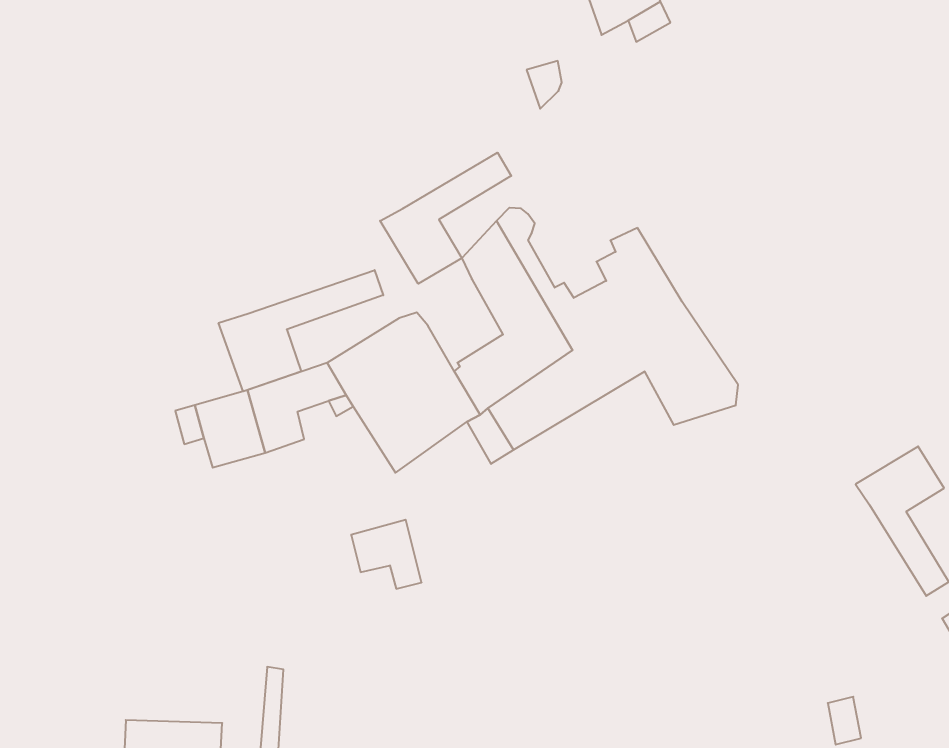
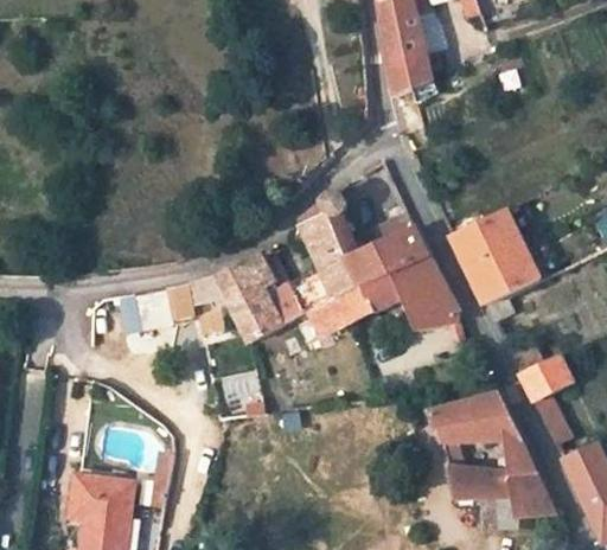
building: [380,153,511,284] -> none
building: none -> [453,210,541,305]
building: [219,270,383,391] -> none
building: none -> [428,394,555,517]

